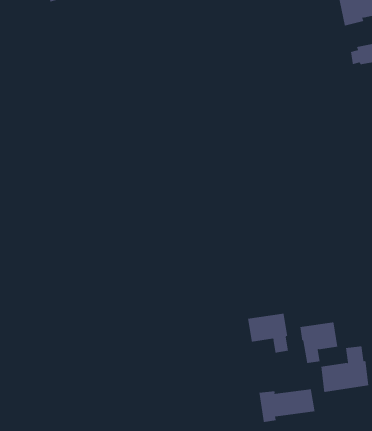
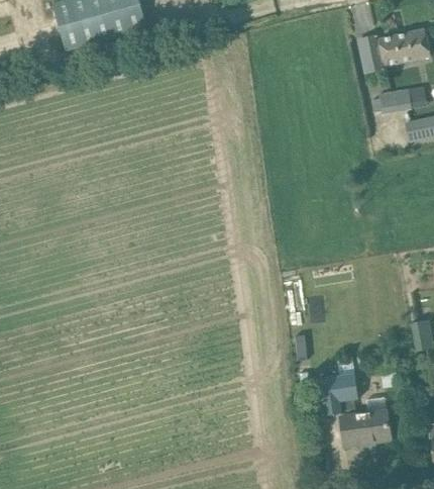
building: [247,313,289,354] -> none
building: [259,388,315,423] -> none

